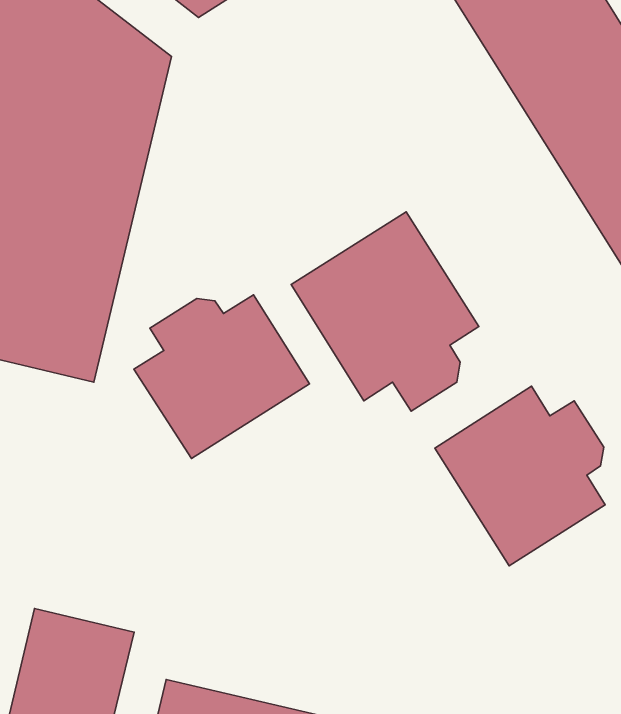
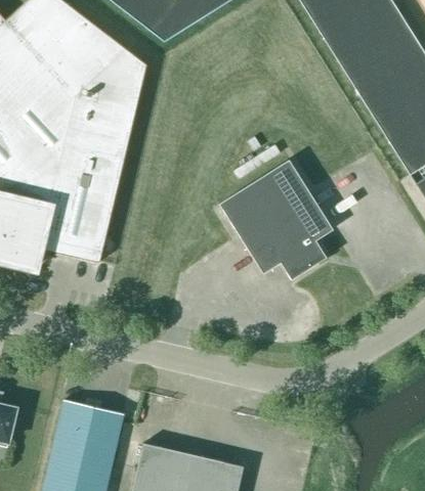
building: [134,295,310,458] -> none
building: [435,386,605,566] -> none

